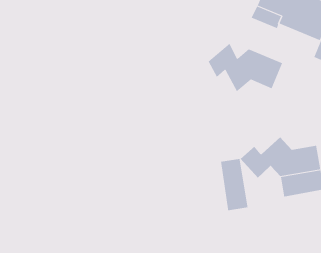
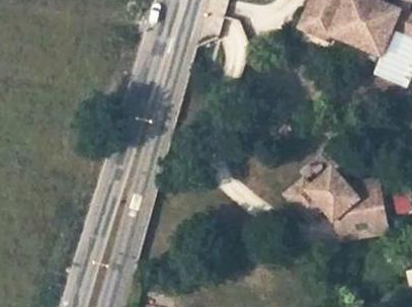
building: [208,43,283,92] -> none
building: [221,158,248,211] -> none

